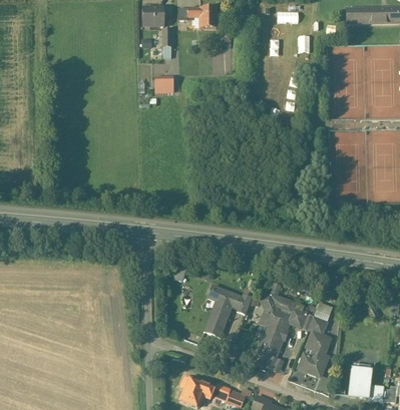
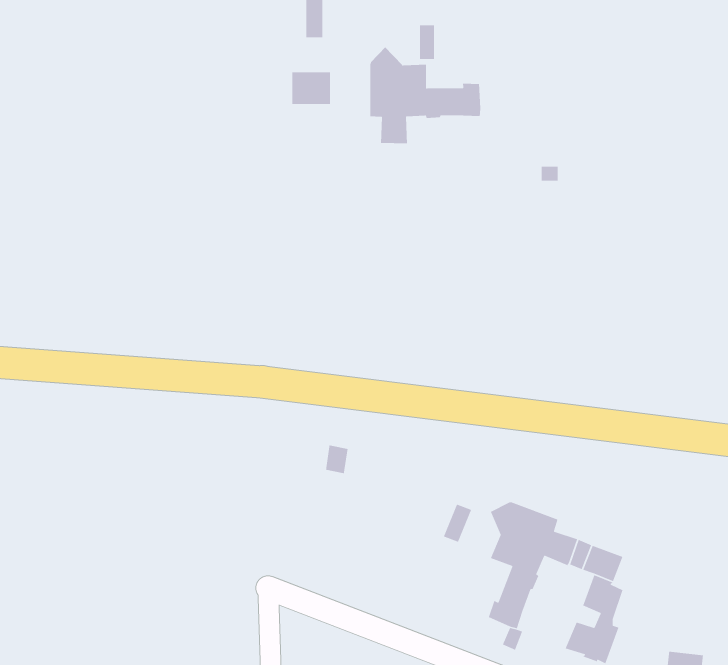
building: none -> [369,46,481,144]
building: [204,286,239,337] -> none

